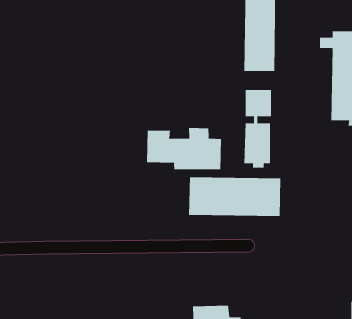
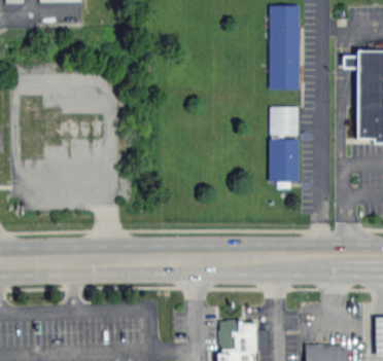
building: [147,127,221,170] -> none
building: [188,177,281,217] -> none

